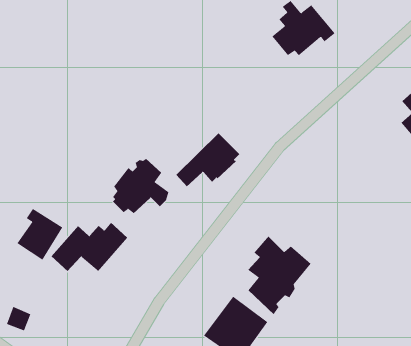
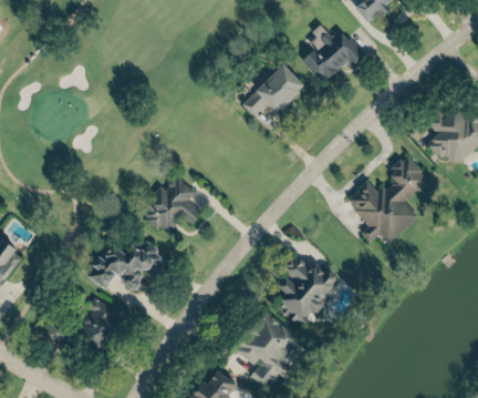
building: [175,133,240,187] -> [243,64,306,118]
building: none -> [347,154,429,243]
building: [17,208,63,260] -> [77,297,123,348]

